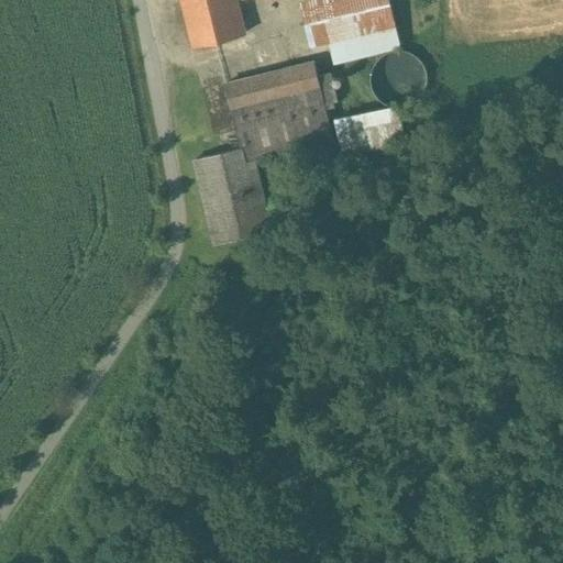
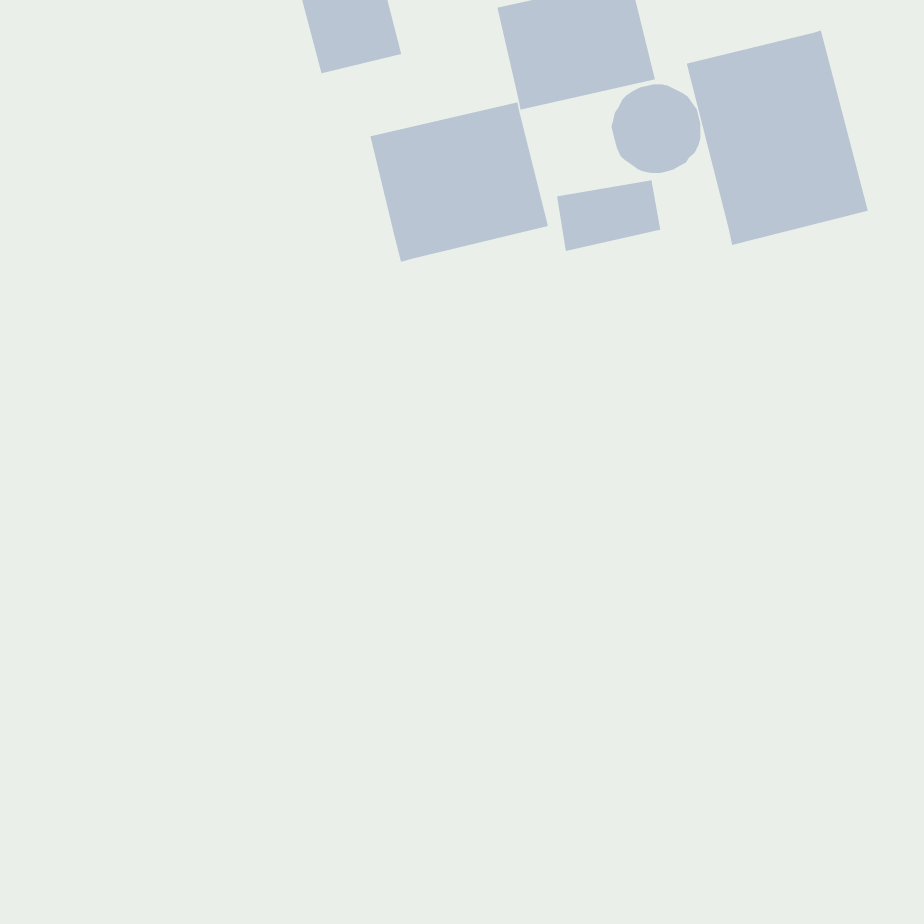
building: none -> [686,30,869,246]
building: [196,146,268,242] -> none

